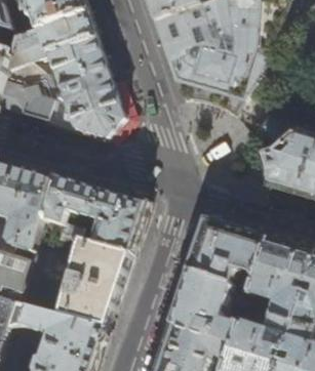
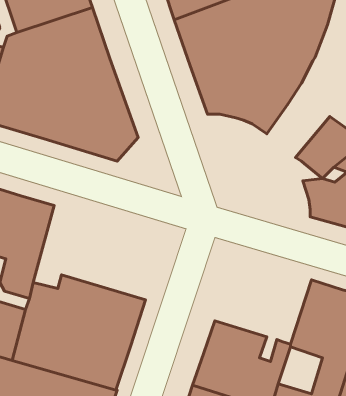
building: [39,175,148,253] -> none
building: [188,218,268,290] -> none

